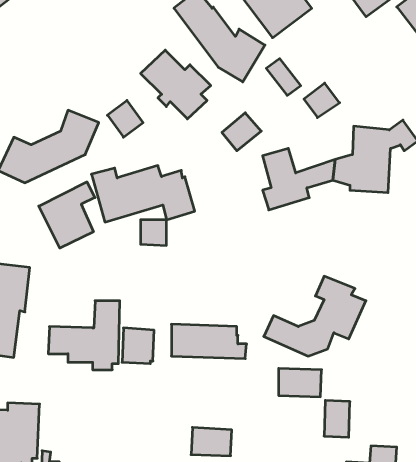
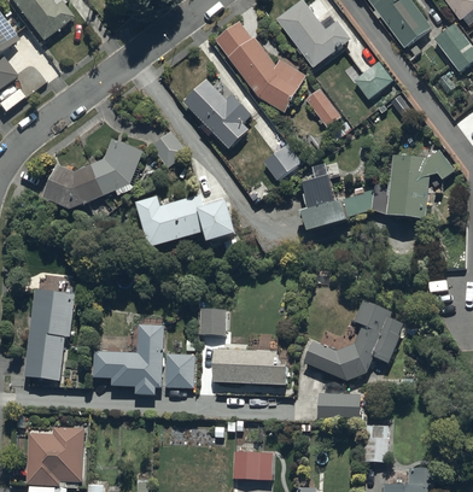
building: [304,83,340,118] -> [355,63,390,96]
building: [39,182,95,248] -> none
building: [141,220,166,245] -> [199,305,224,330]

